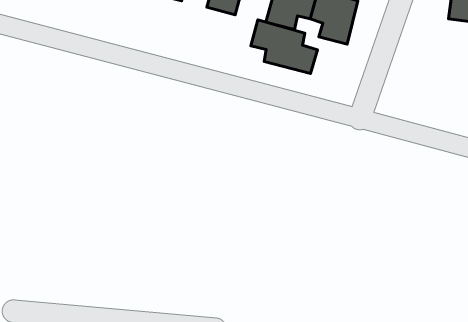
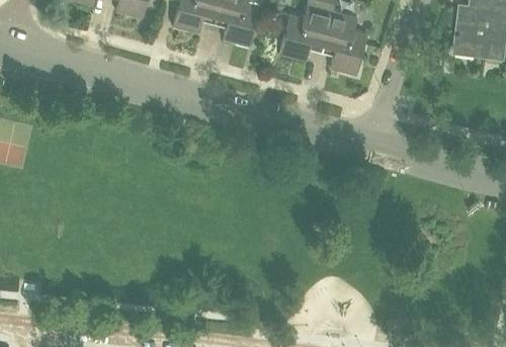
building: [251,20,317,74] -> none

